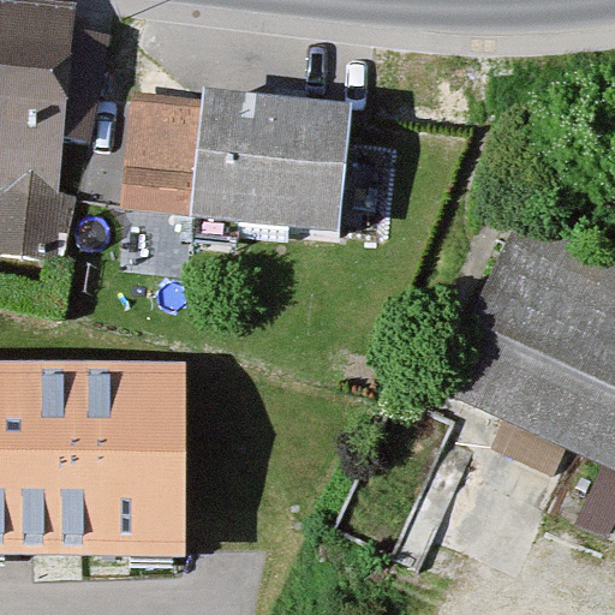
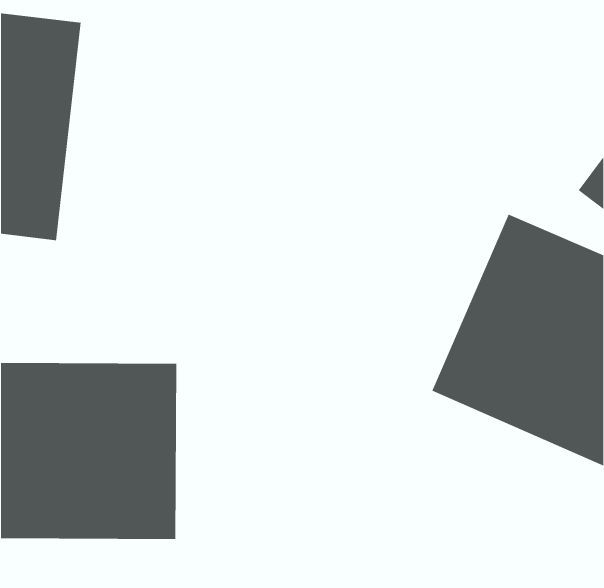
building: [124,73,178,189] -> none
building: [195,90,346,235] -> none

